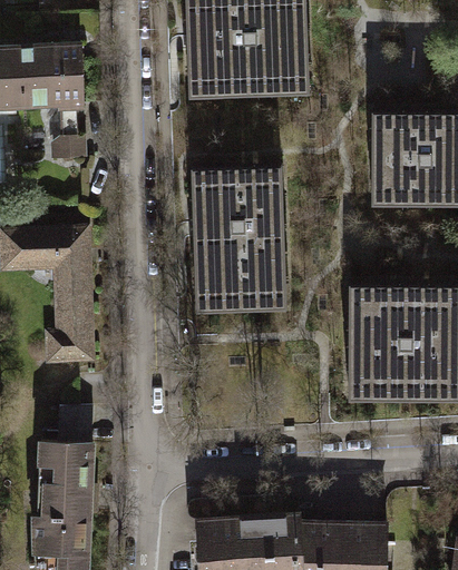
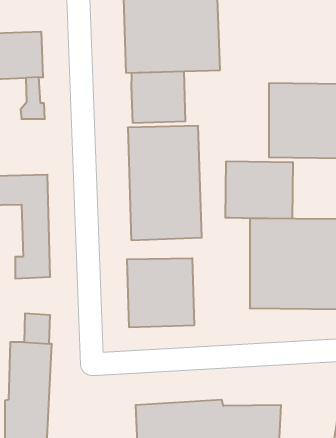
building: none -> [131,71,185,123]
building: none -> [226,161,293,219]
building: none -> [127,258,194,327]

